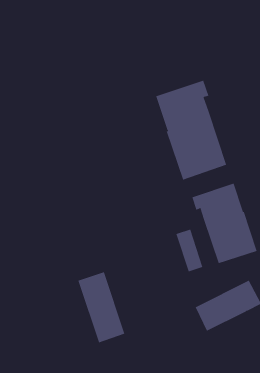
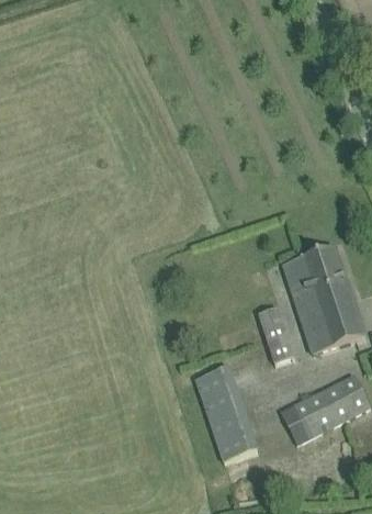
building: [155,80,227,181] -> none
building: [78,271,125,343] -> [195,368,258,462]

